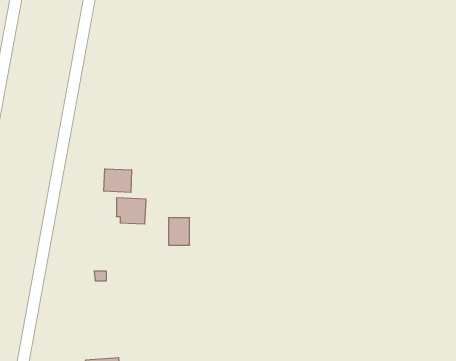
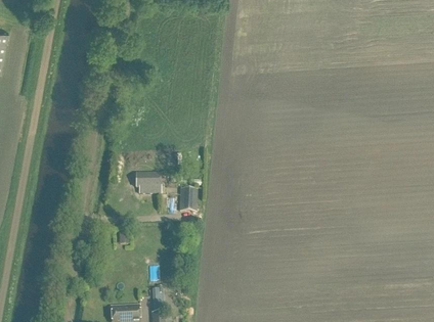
building: [104,169,132,192] -> none

